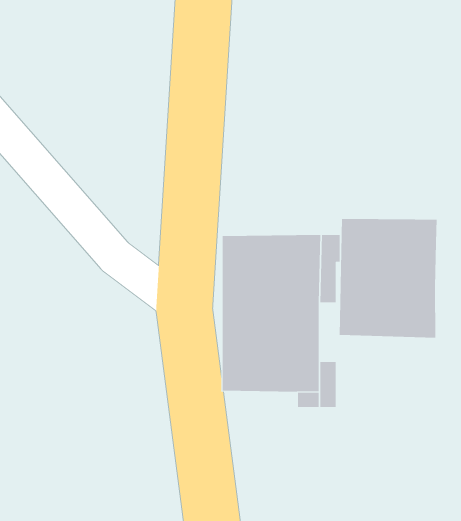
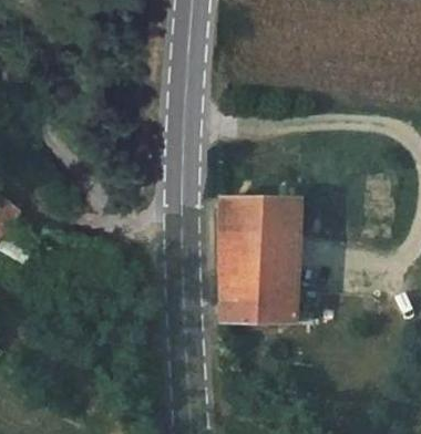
building: [339,218,437,338] -> none

